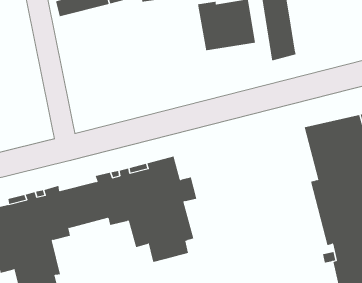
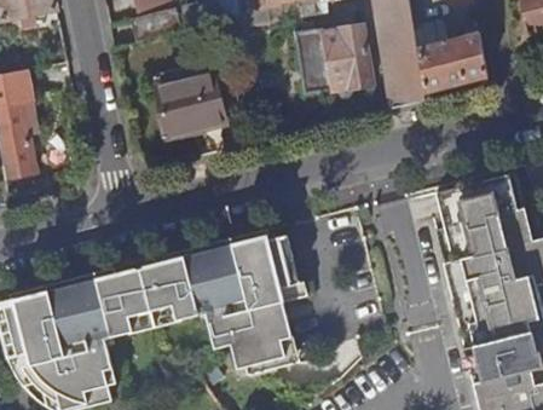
building: none -> [417,33,486,92]
building: none -> [156,75,225,137]

